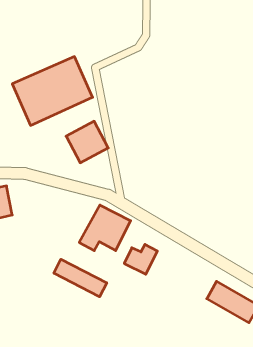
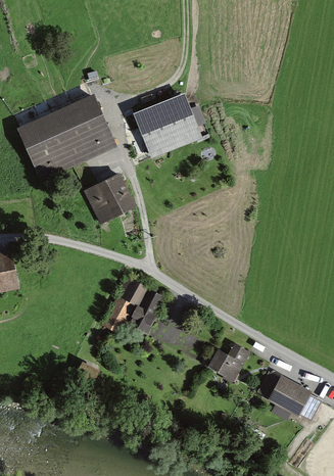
building: none -> [132,90,202,156]
building: [124,244,157,274] -> [207,343,248,380]
building: [54,259,107,297] -> none

